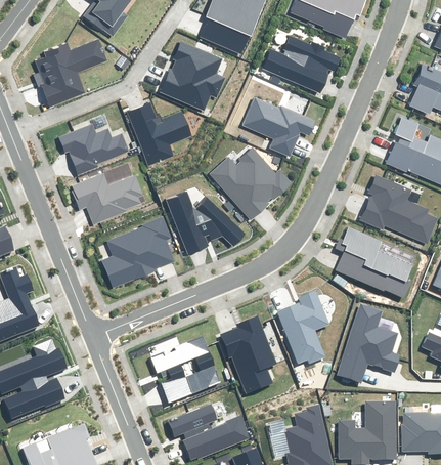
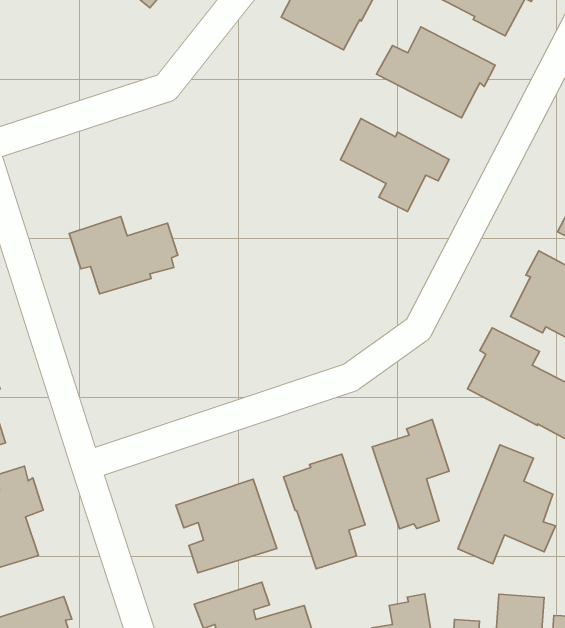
building: [33,39,106,105] -> none
building: [160,41,223,110] -> none
building: [127,101,191,164] -> none
building: [58,123,127,173] -> none
building: [209,149,290,218] -> none
building: [166,191,244,253] -> none
building: [102,219,174,286] -> none

